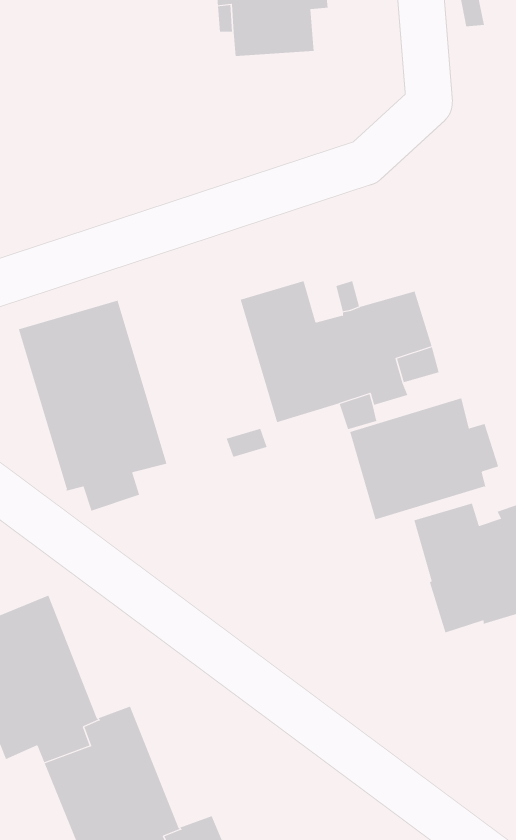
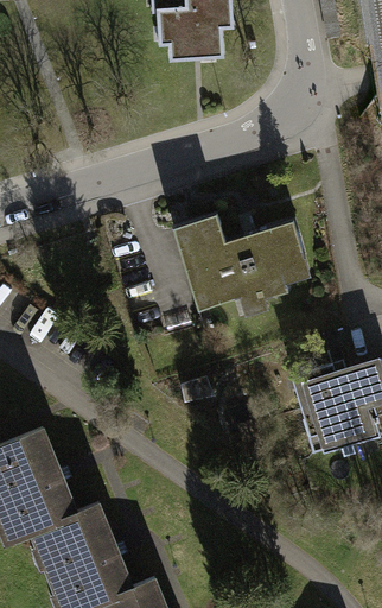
building: [18,300,167,511] -> none
building: [349,398,499,520] -> none

